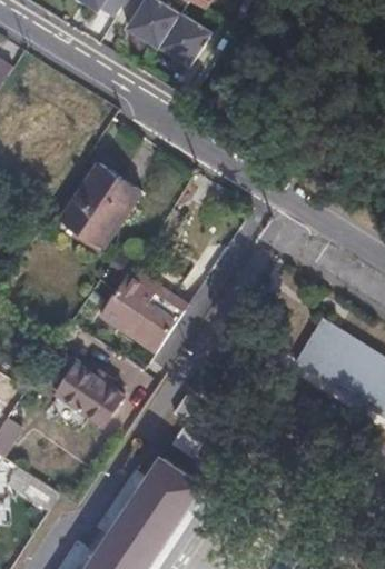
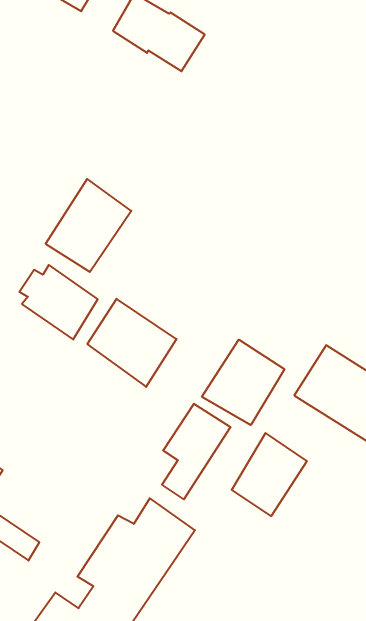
building: none -> [202,340,284,425]
building: [50,365,121,432] -> [19,265,98,340]
building: none -> [232,433,307,516]

